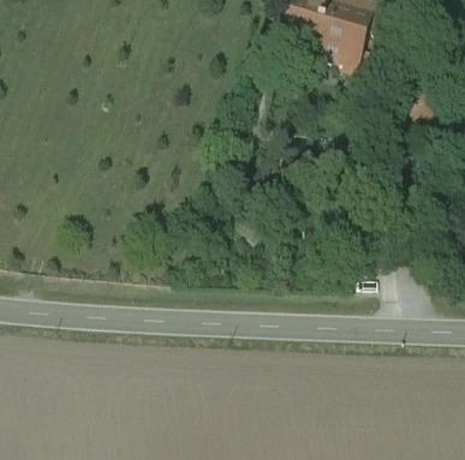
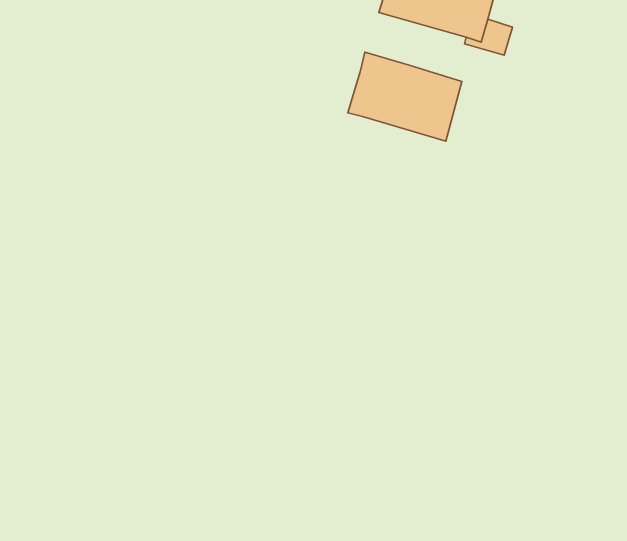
building: none -> [348,52,462,141]

